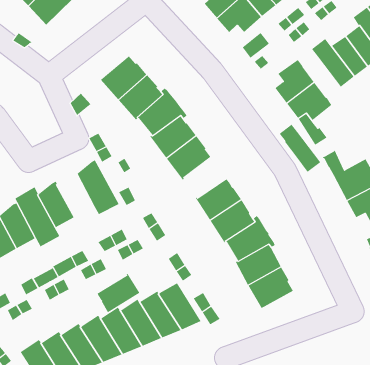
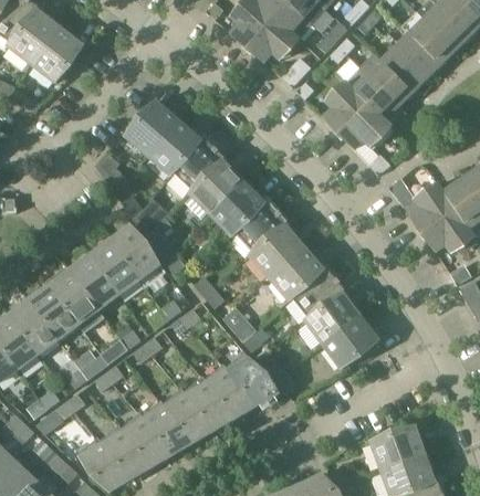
building: [279,124,321,172] -> [346,67,398,119]
building: none -> [236,197,292,253]
building: none -> [93,240,138,294]
building: [97,273,140,313] -> none

